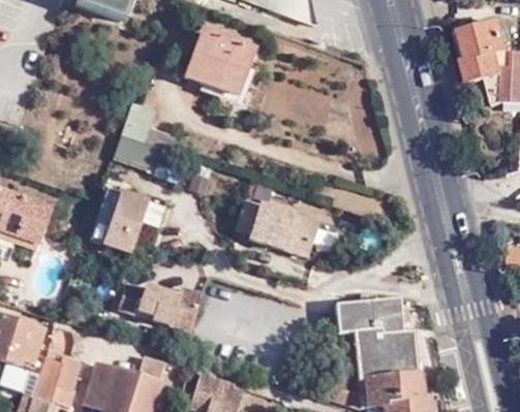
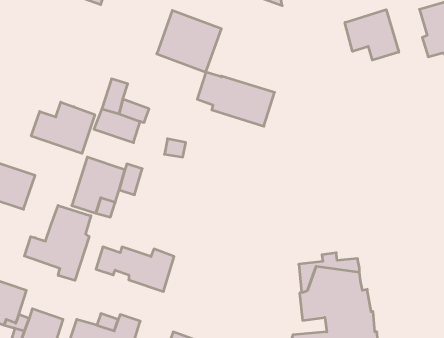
building: none -> [345,10,399,60]
building: none -> [31,102,95,153]
building: [236,199,318,257] -> [197,72,275,126]
building: none -> [24,205,91,280]

